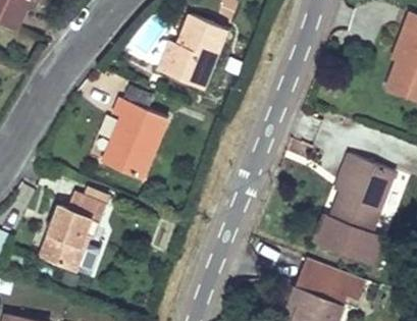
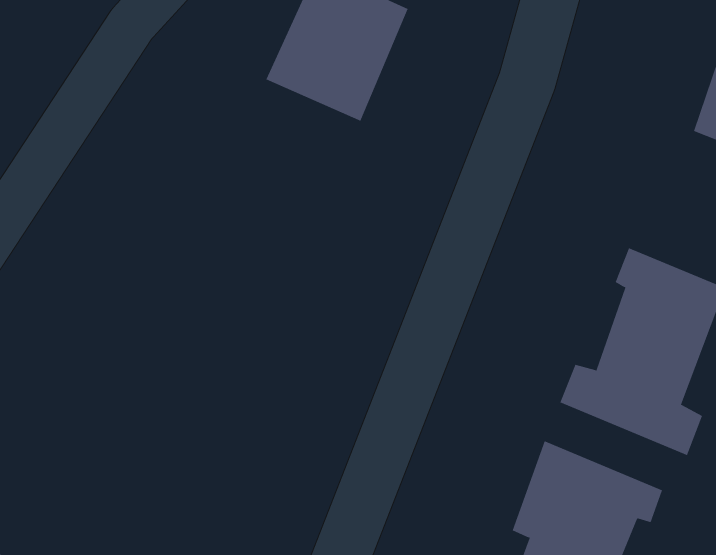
building: [98,96,166,178] -> none
building: [40,191,106,264] -> none

